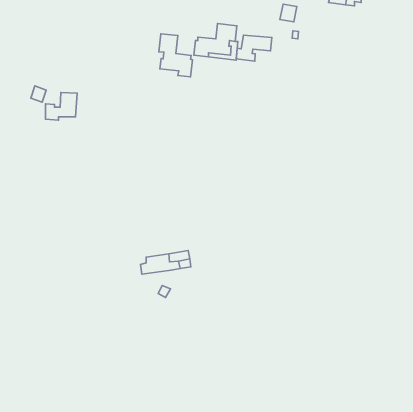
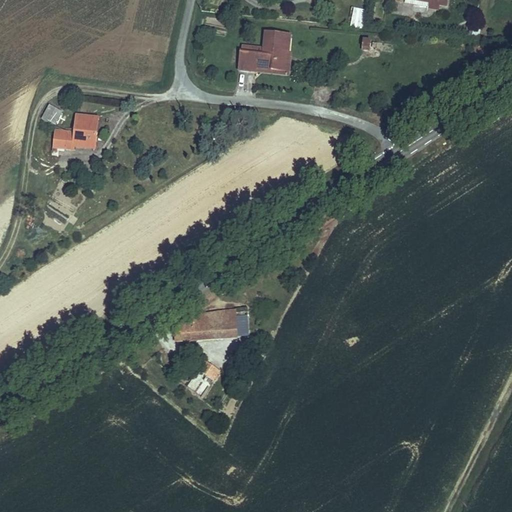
building: [159,34,193,77] -> none
building: [236,35,272,61] -> none

